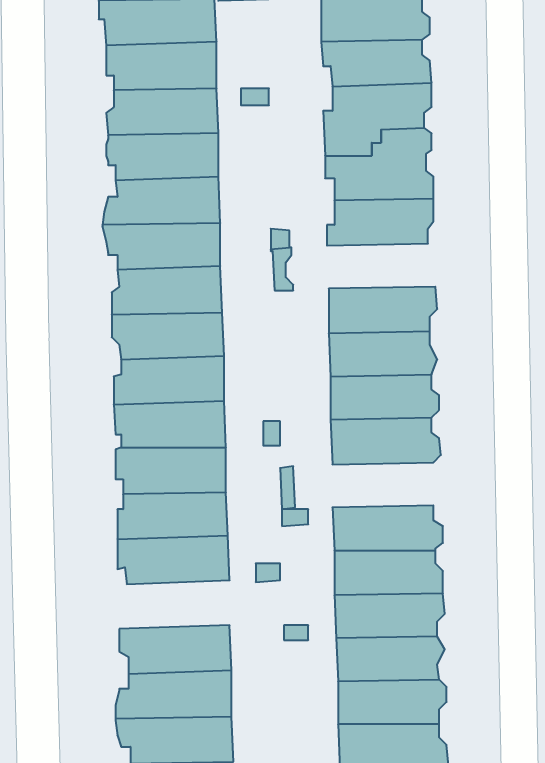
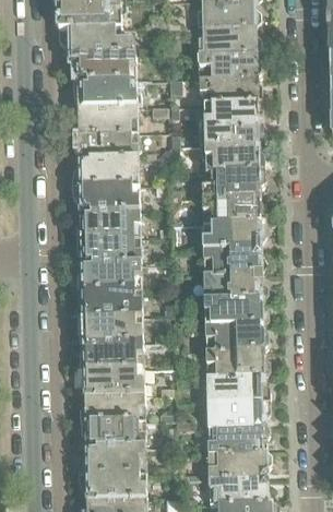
building: none -> [203,194,266,221]
building: none -> [206,322,270,348]
building: none -> [82,391,146,419]

